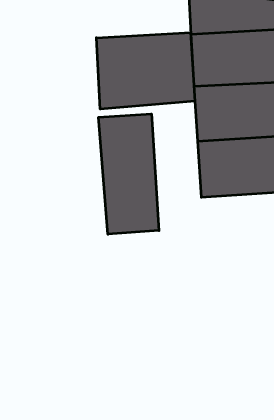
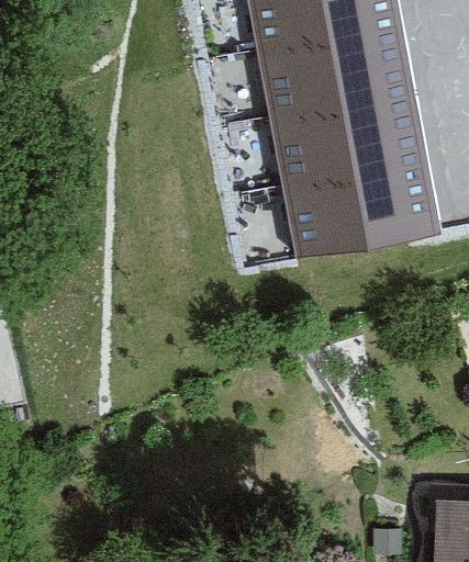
building: [96,32,195,109] -> none
building: [99,114,159,234] -> none

